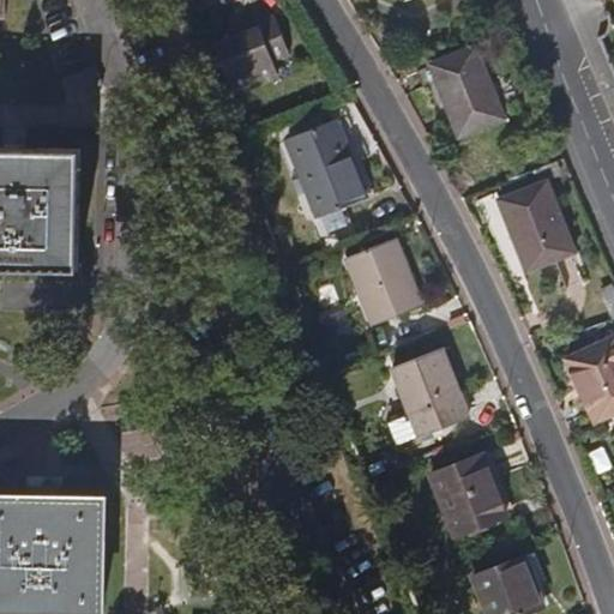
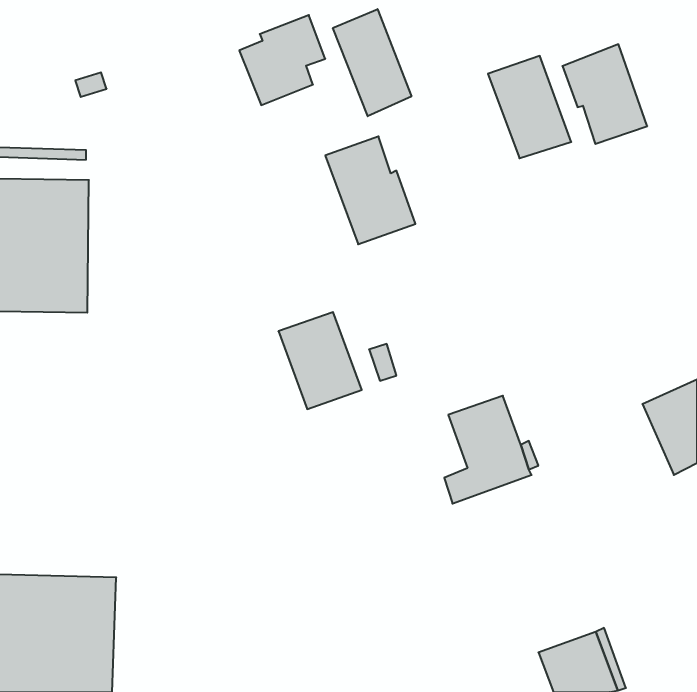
building: none -> [333,9,411,116]
building: [498,180,572,267] -> [562,44,647,144]
building: [348,235,421,320] -> [278,312,362,409]
building: [433,458,502,538] -> none

